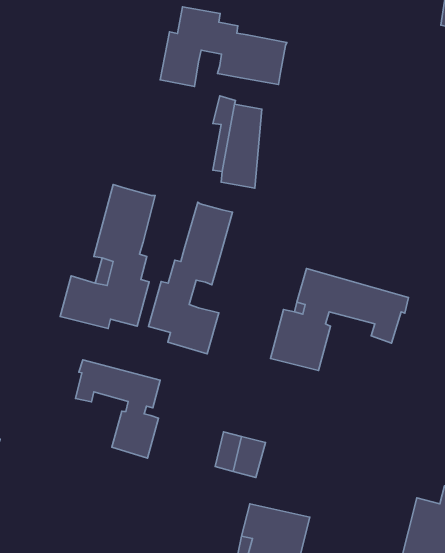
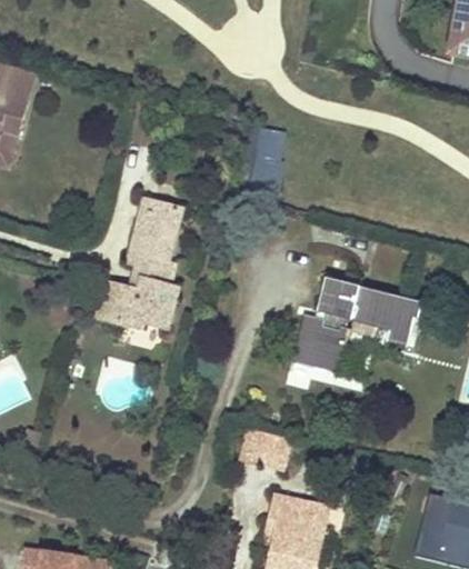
building: [160,7,287,86] -> none
building: [149,202,232,354] -> none
building: [75,360,160,458] -> none

